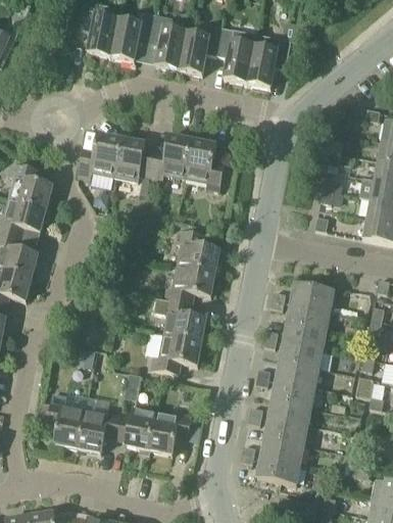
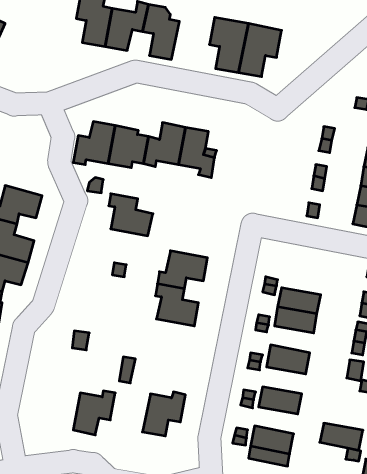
building: [178,23,222,74] -> none
building: [8,162,52,208] -> none
building: [175,229,219,272] -> [109,194,153,236]
building: [290,282,334,310] -> none
building: [150,334,201,373] -> none
building: [279,341,323,369] -> none
building: [271,383,314,411] -> none
building: [40,392,85,447] -> none
building: [115,407,156,449] -> none
building: [262,424,306,451] -> [320,423,363,450]

